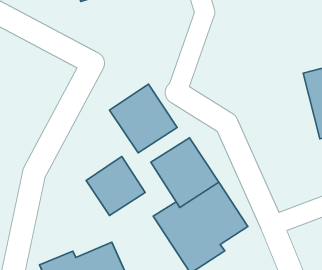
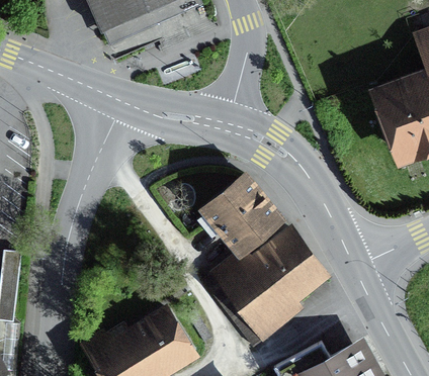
building: [110,84,177,153] -> none
building: [86,157,145,216] -> none

